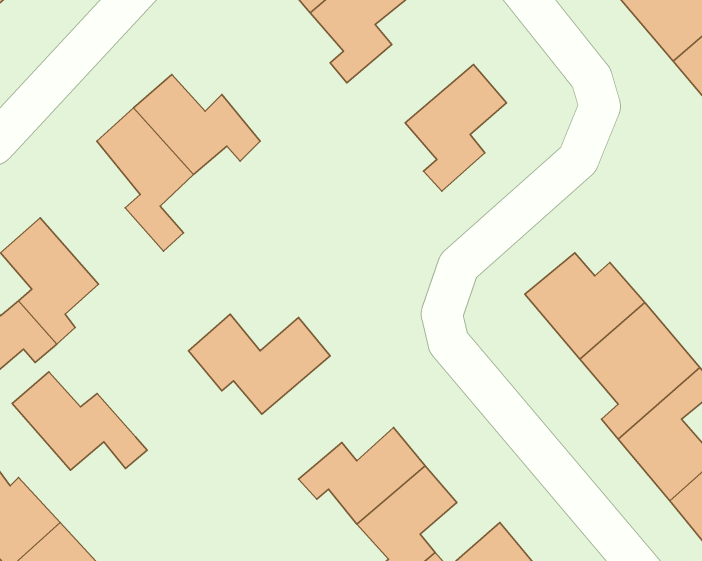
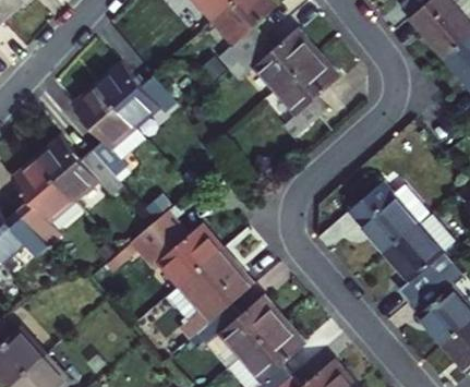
building: none -> [232,33,315,96]
building: none -> [165,249,244,342]
building: [12,372,147,470] -> [32,137,120,202]

